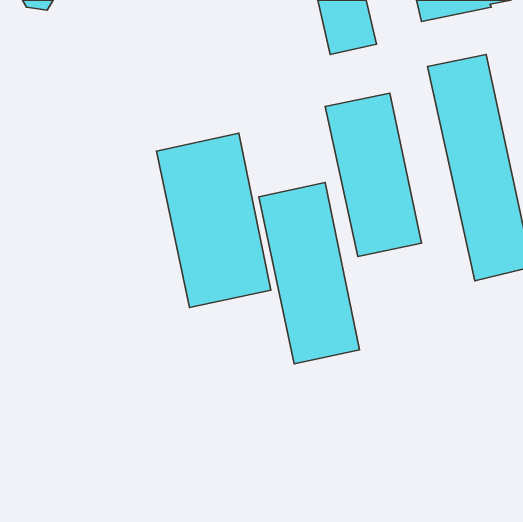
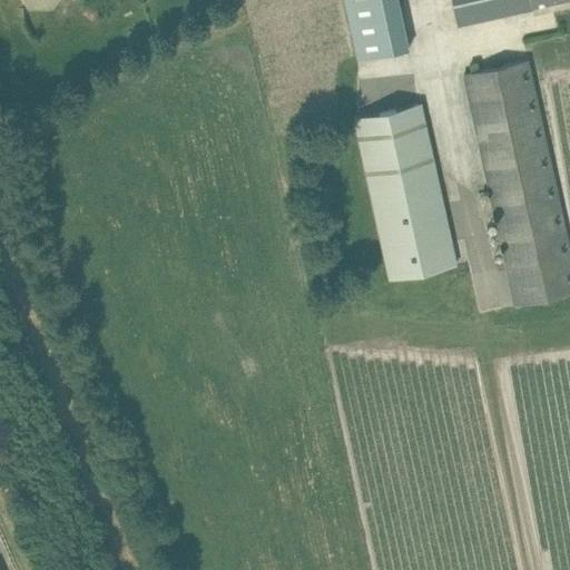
building: [156,133,271,308] -> none
building: [259,182,360,364] -> none

